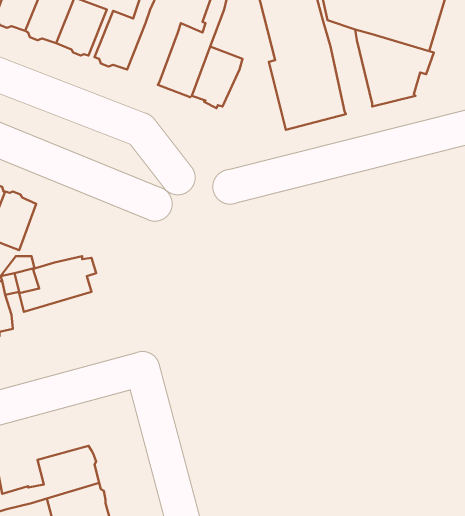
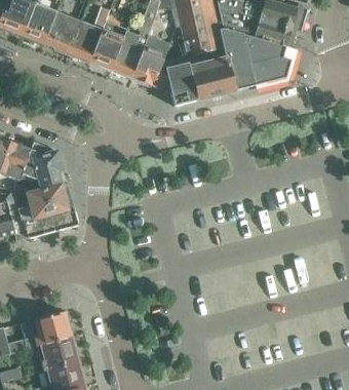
building: none -> [90,21,126,70]
building: none -> [221,28,254,88]
building: none -> [154,55,196,106]
building: none -> [21,142,64,189]
building: none -> [13,206,78,240]

